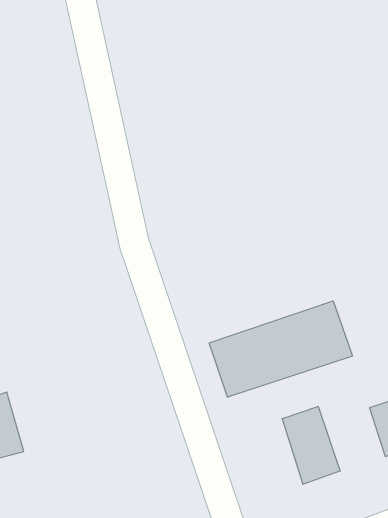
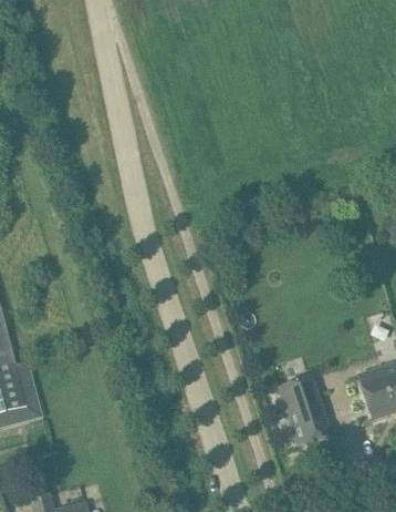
building: [209,301,352,397] -> none

